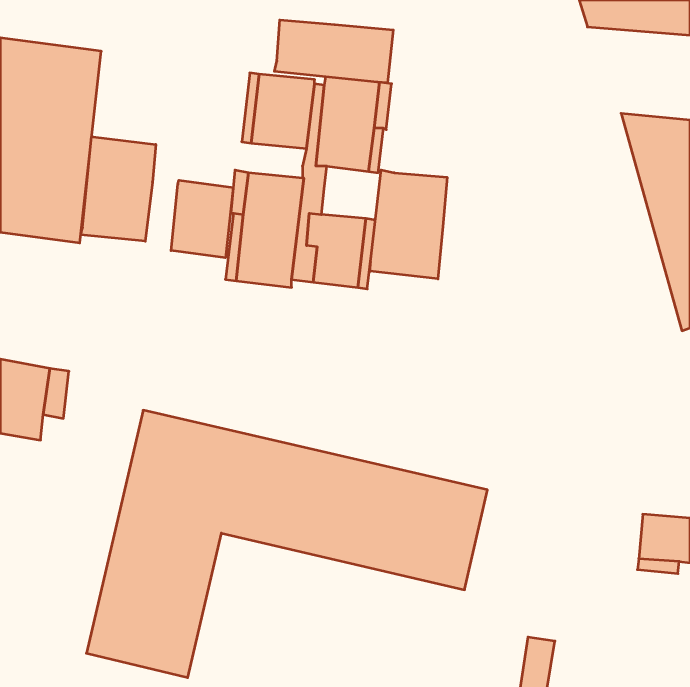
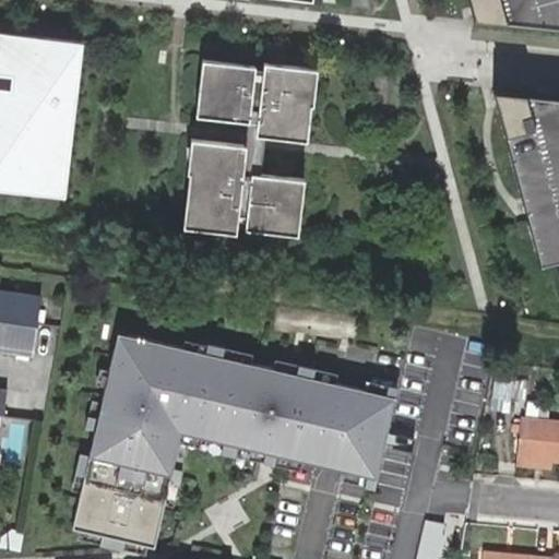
building: [274,20,393,83] -> none
building: [81,137,156,241] -> none
building: [370,170,447,279] -> none
building: [171,180,233,258] -> none

